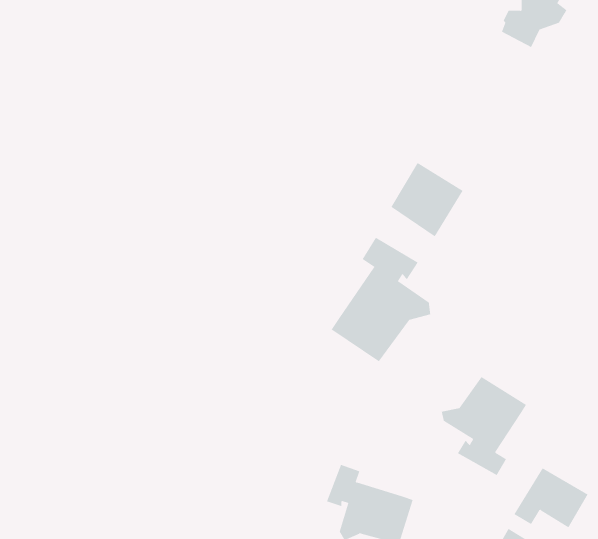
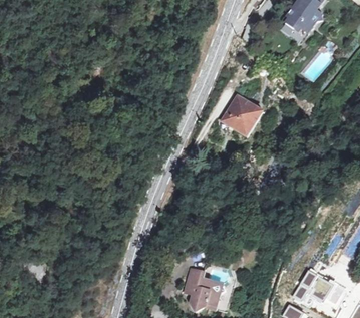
building: [331,237,431,362] -> none
building: [441,376,527,476] -> none

